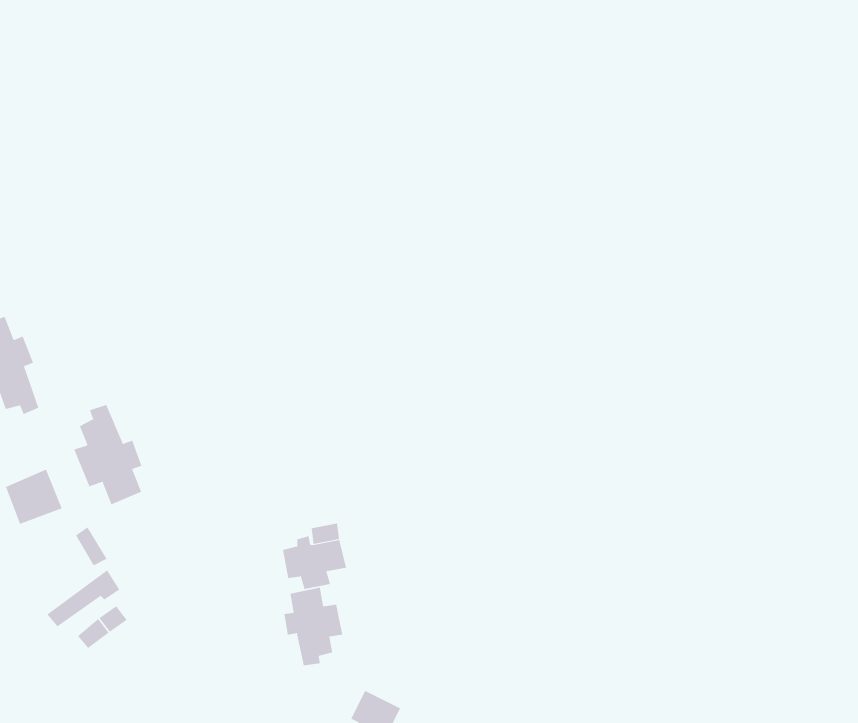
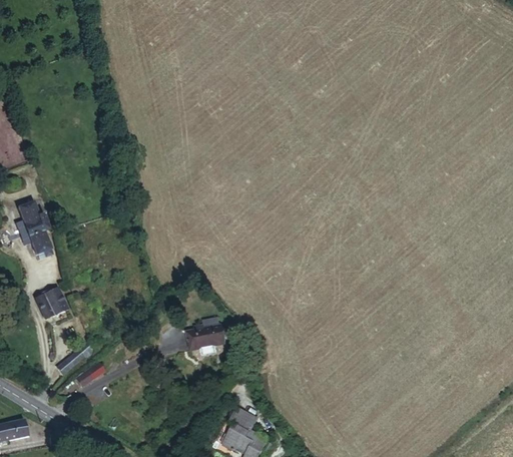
building: [74,404,142,505] -> none
building: [284,587,343,666] -> none

